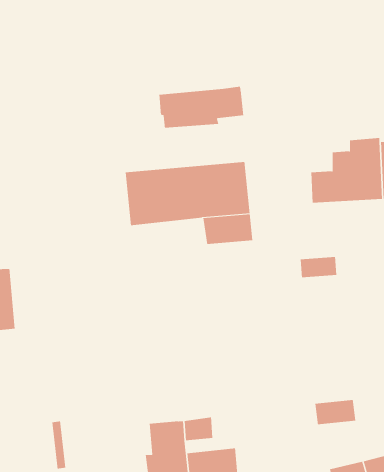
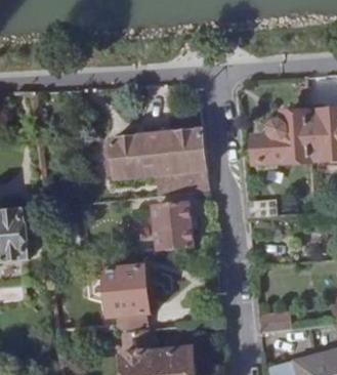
building: [159,86,244,128] -> none
building: none -> [152,203,193,250]
building: none -> [101,266,151,332]

